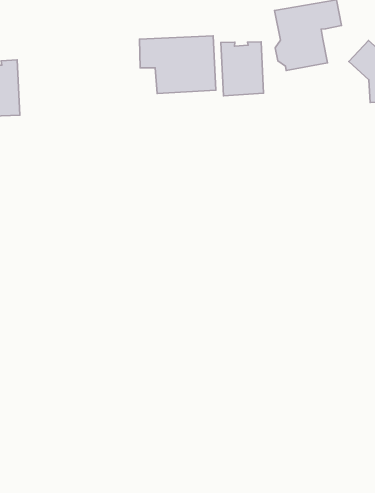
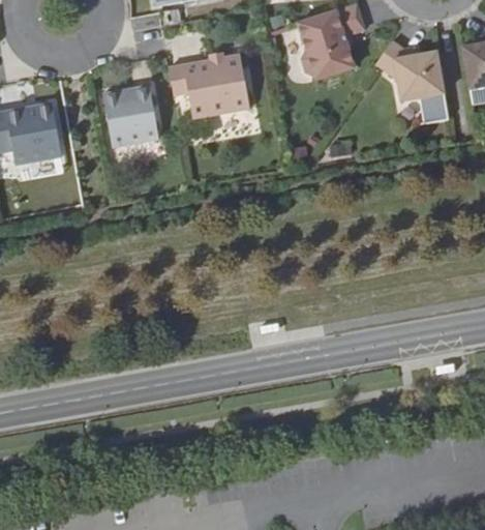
building: [221,42,263,96] -> none
building: none -> [103,86,158,147]

